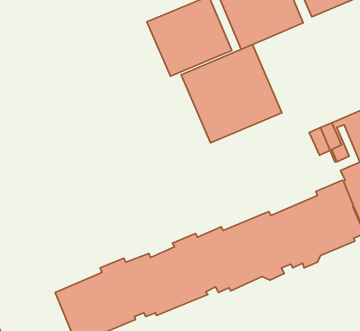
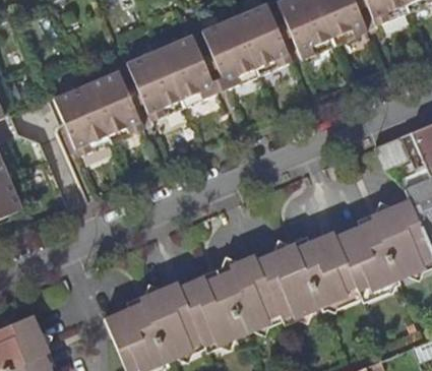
building: none -> [127,34,217,119]
building: [181,45,282,143] -> none
building: none -> [54,69,144,156]

